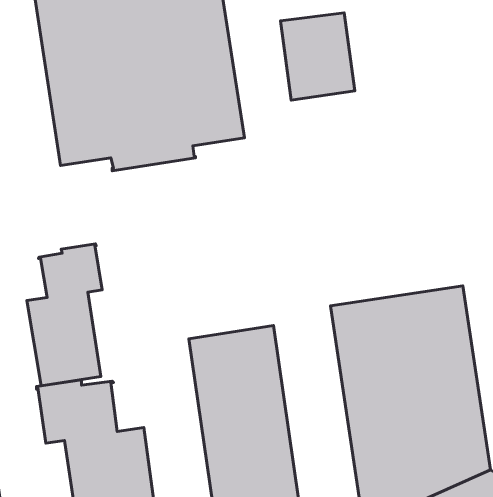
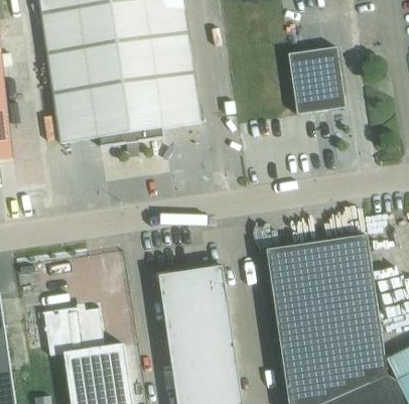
building: [281,13,355,100] -> [288,47,345,114]
building: [27,244,102,386] -> none

